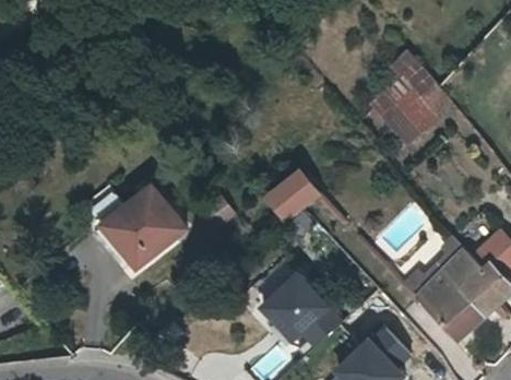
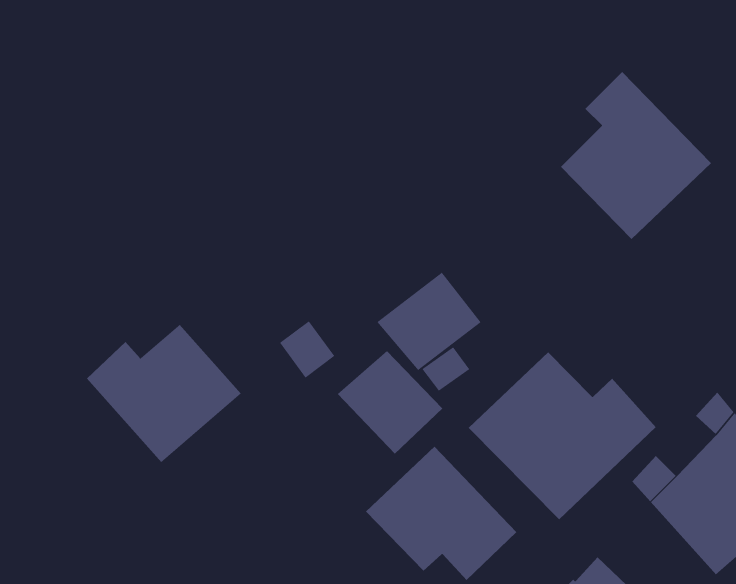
building: none -> [337,350,443,455]
building: none -> [468,351,656,520]

